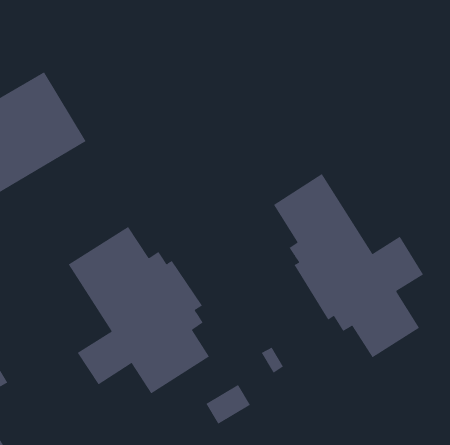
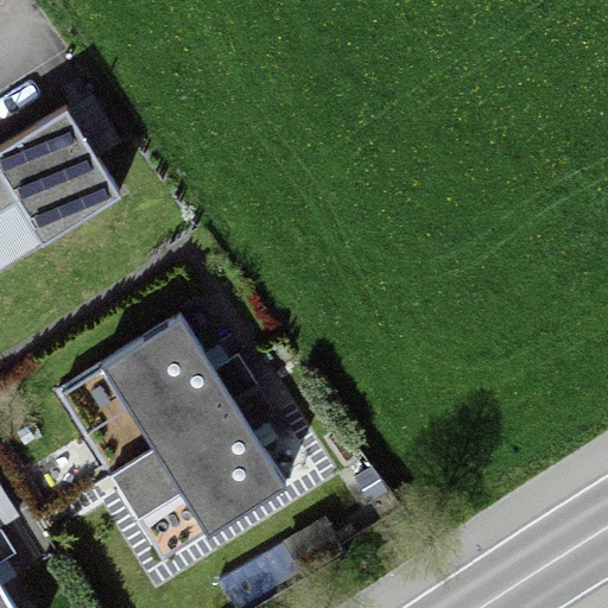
building: [273,173,424,358] -> none

